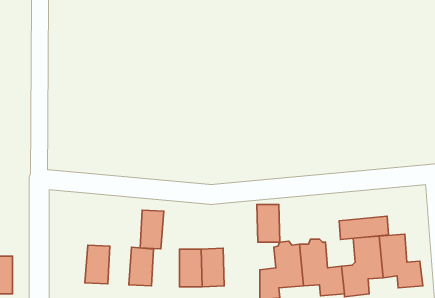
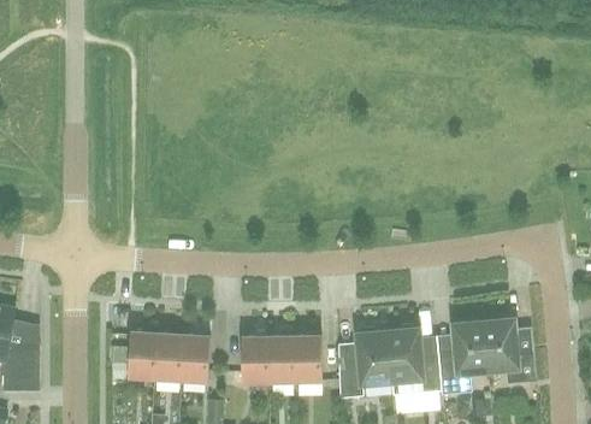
building: [257,205,280,242] -> [294,335,321,381]
building: [140,210,164,249] -> [154,332,183,379]
building: [339,216,388,239] -> none

